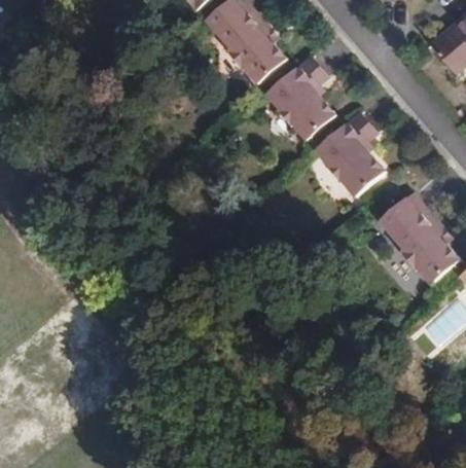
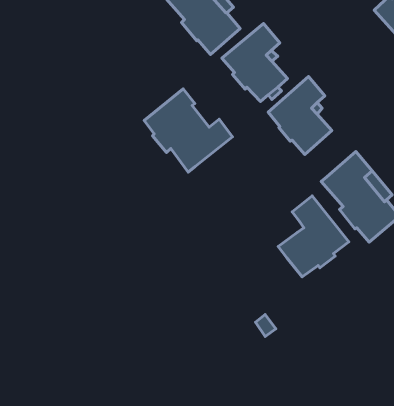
building: none -> [144,89,233,172]
building: none -> [278,196,349,277]

